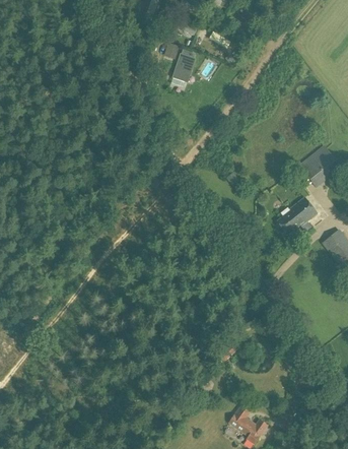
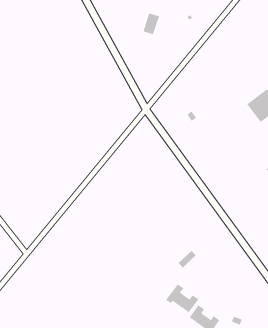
building: [277,198,317,235] -> none
building: none -> [165,283,199,313]

